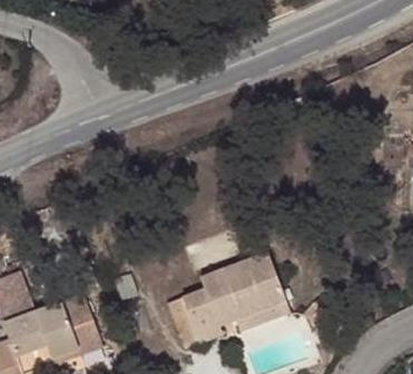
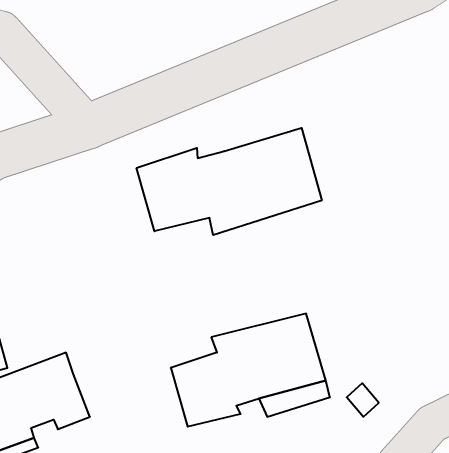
building: none -> [137,128,322,235]

